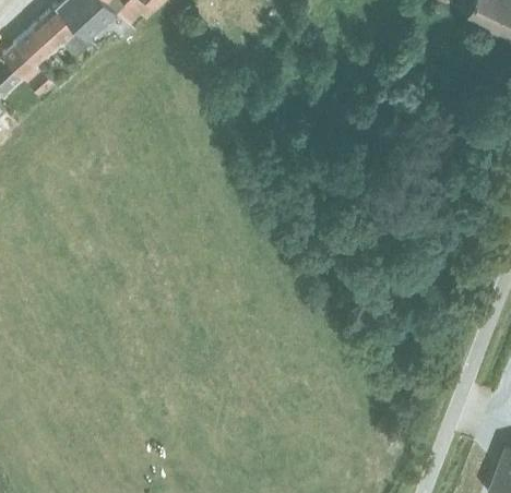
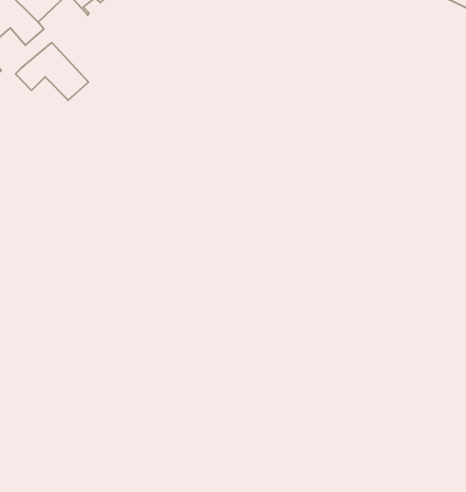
building: none -> [16,43,88,100]

